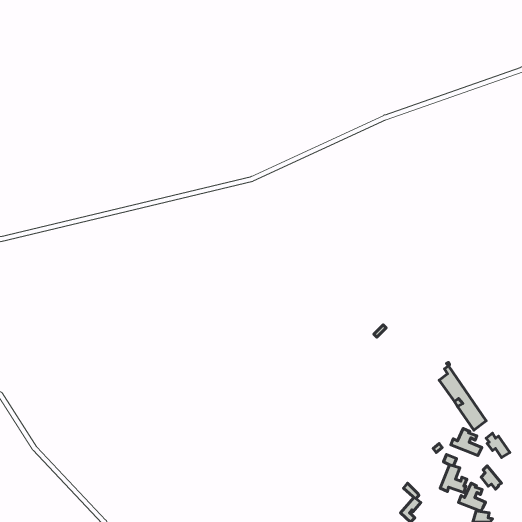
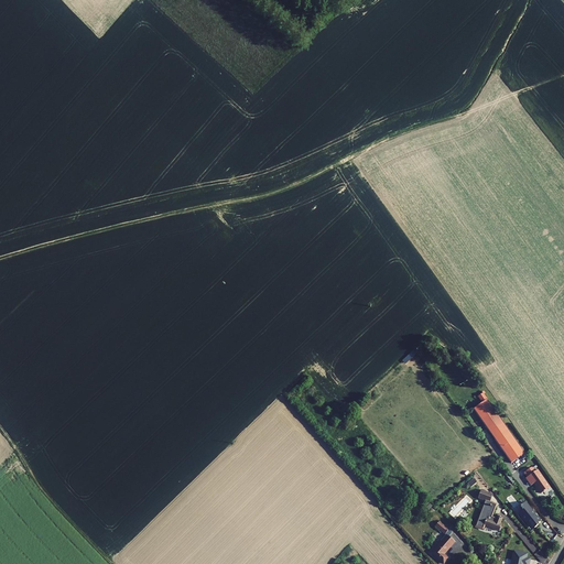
building: [451,429,482,455] -> none
building: [459,483,485,511] -> none

